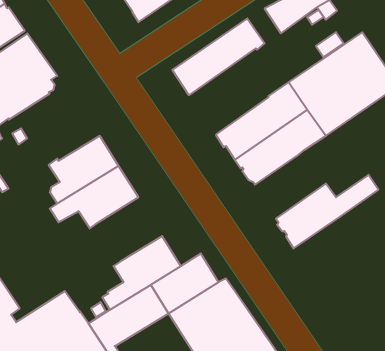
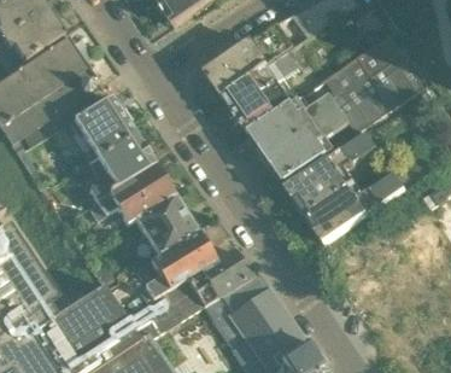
building: none -> [222,51,298,133]
building: none -> [64,95,135,159]
building: none -> [285,132,376,215]
building: none -> [134,194,195,256]

